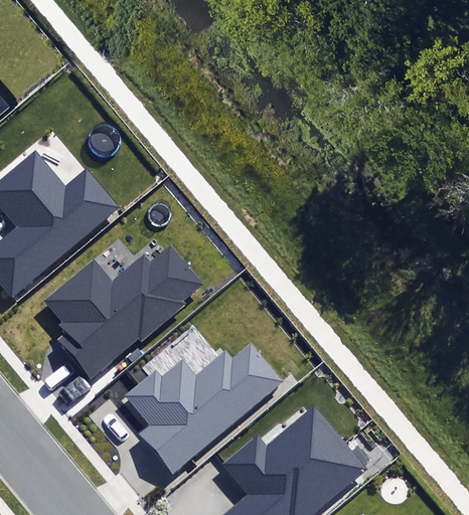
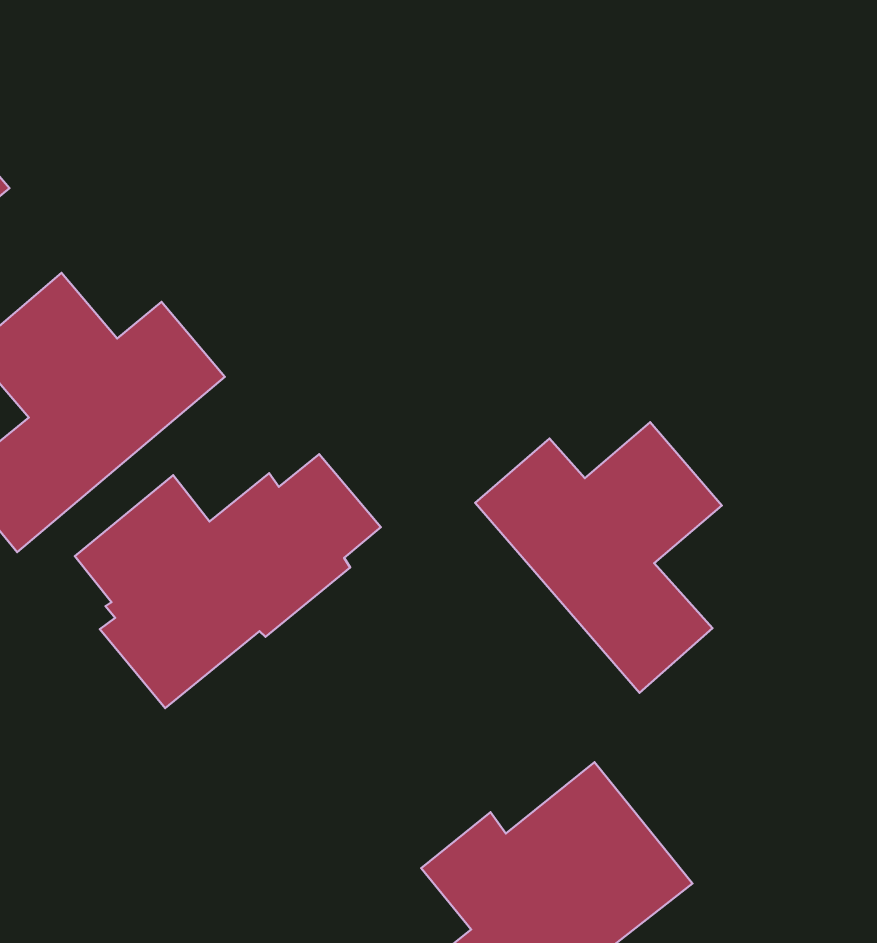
building: none -> [475,422,722,693]
building: [126,343,283,477] -> none

